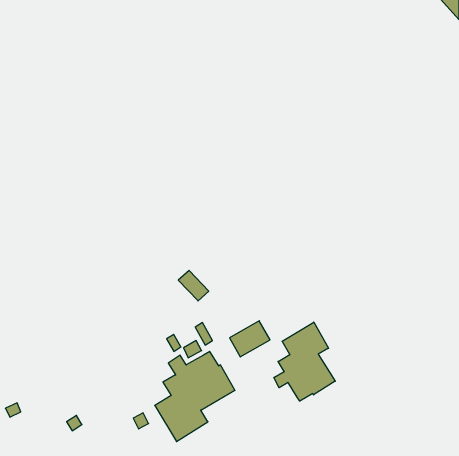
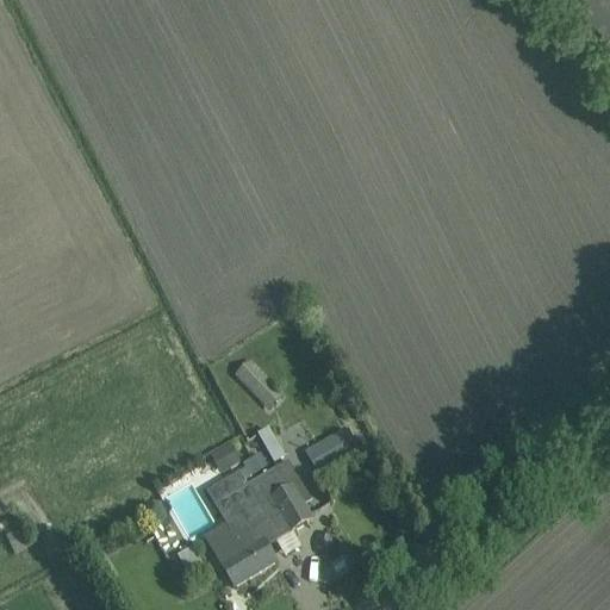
building: [274,322,335,401] -> none

